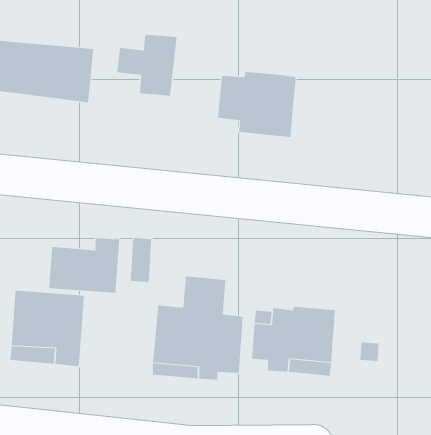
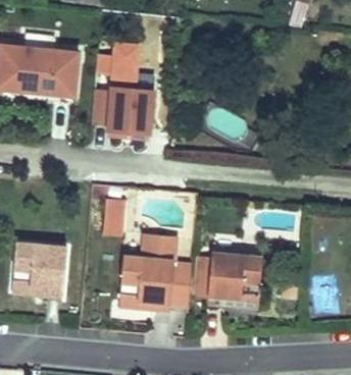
building: [217,72,296,138] -> [91,90,152,141]
building: [49,238,120,294] -> none

